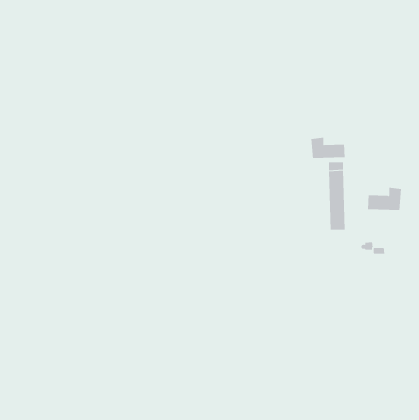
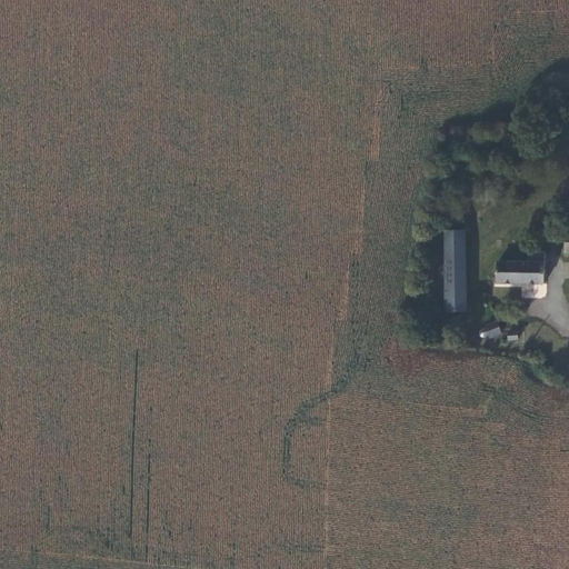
building: [311,137,345,159] -> none

